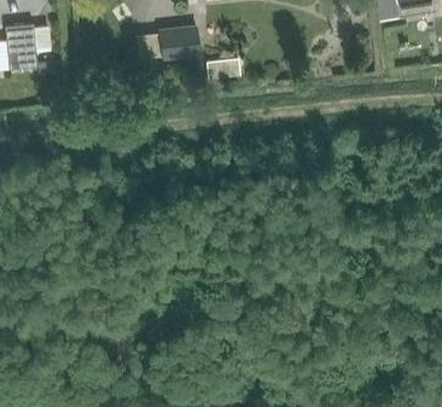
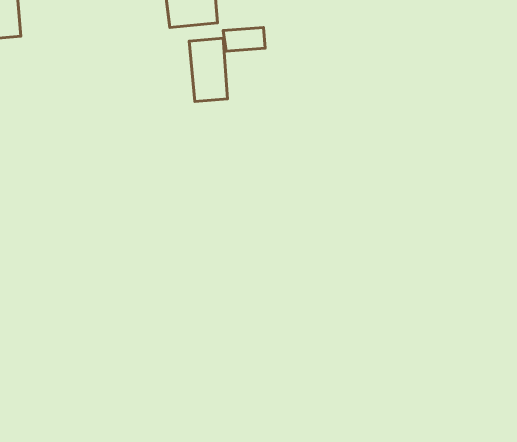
building: none -> [189,38,227,102]

